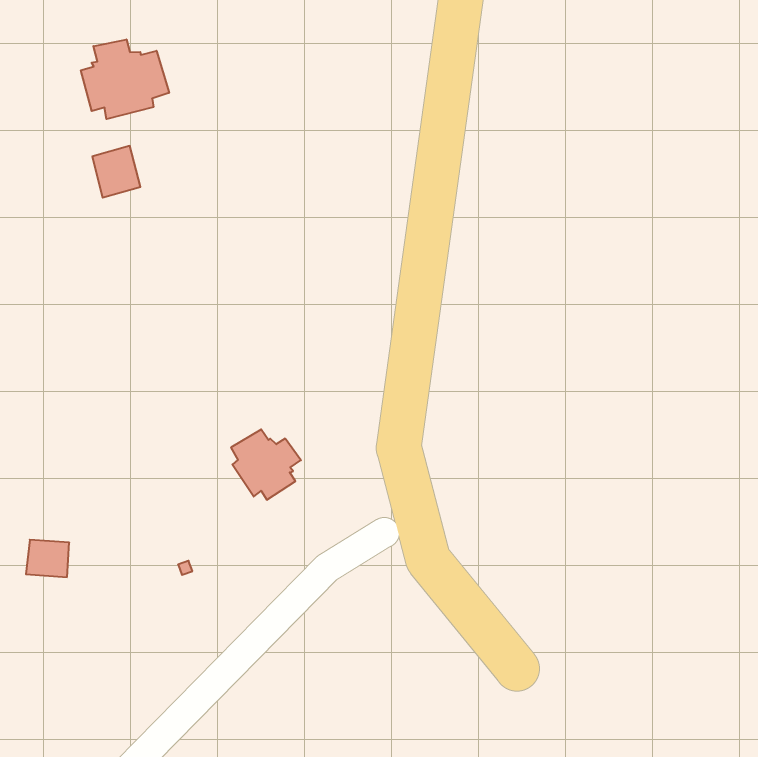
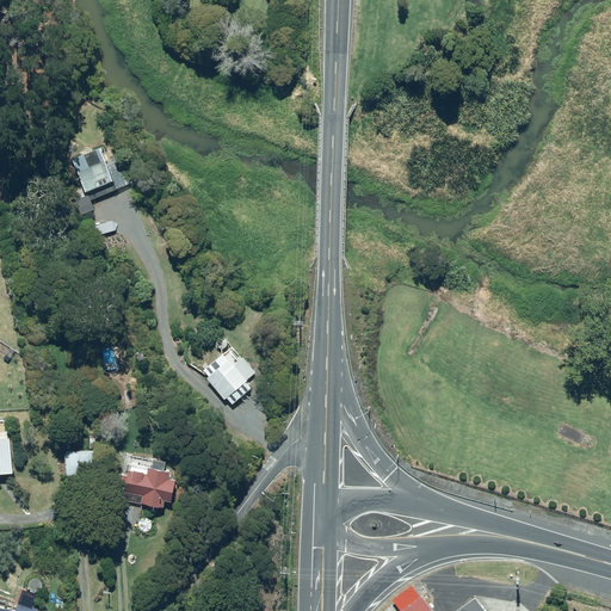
building: [81,39,169,119] -> none
building: none -> [117,465,177,506]

